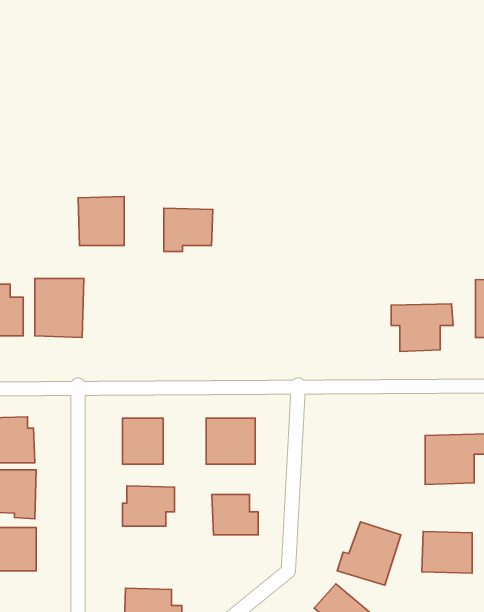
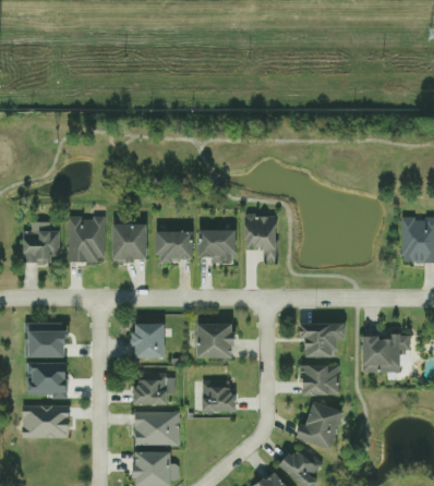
building: [78,196,124,245] -> [112,223,147,260]
building: [164,208,213,251] -> [157,230,194,263]
building: none -> [245,215,277,263]
building: none -> [200,229,236,262]
building: [391,304,453,351] -> [300,321,347,357]
building: [422,531,472,573] -> [301,364,339,396]
building: none -> [134,411,179,446]

